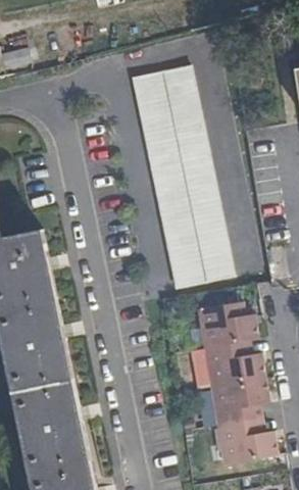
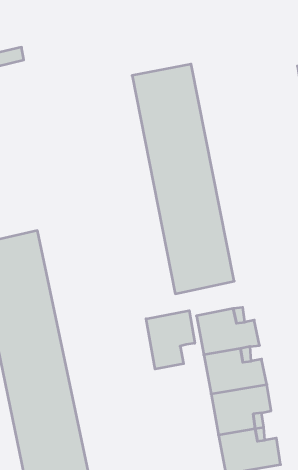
building: none -> [146,311,195,369]

